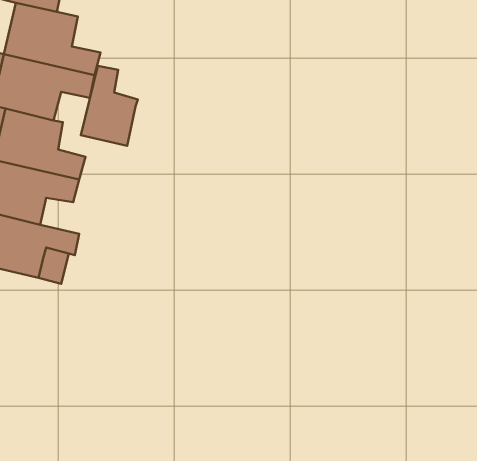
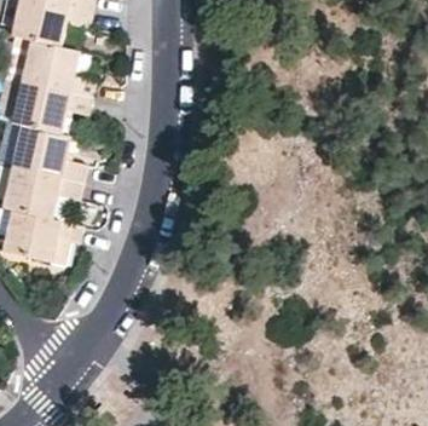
building: [81,66,138,146] -> none

